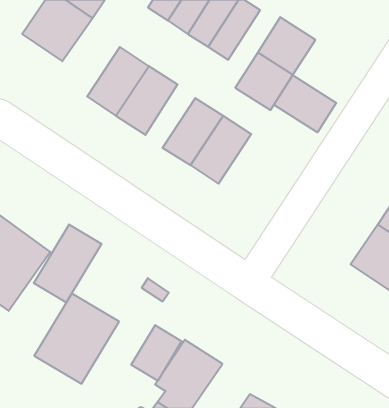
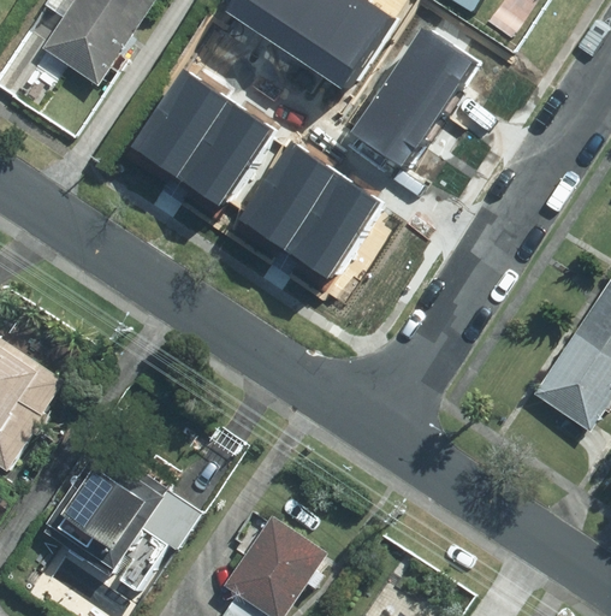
building: [274,75,336,132] -> none
building: [34,224,102,303] -> none
building: [131,325,182,381] -> none

